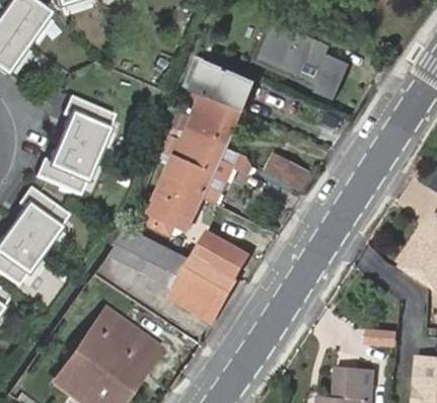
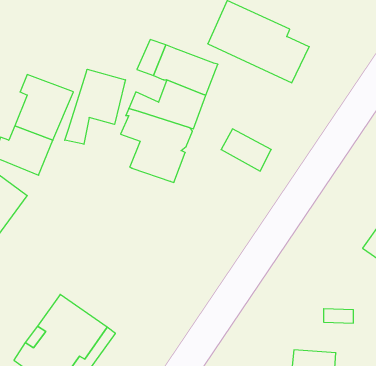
building: none -> [65,69,125,144]
building: [159,185,216,238] -> none
building: [110,227,252,325] -> none

